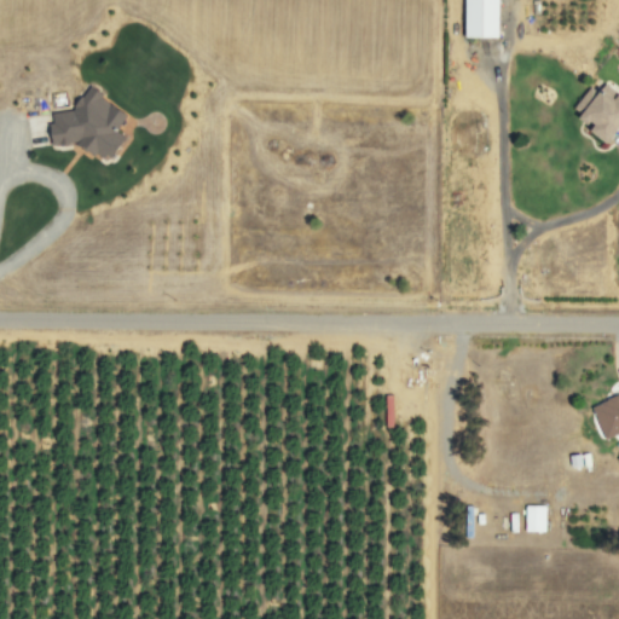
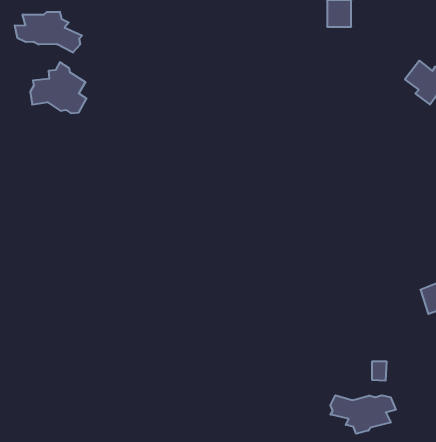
building: none -> [15,12,82,53]
building: none -> [330,395,396,434]

